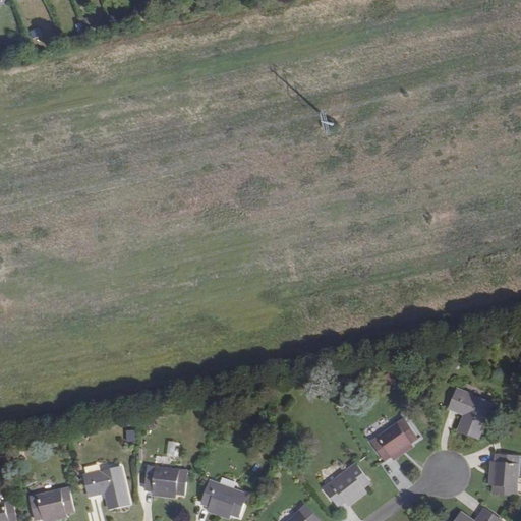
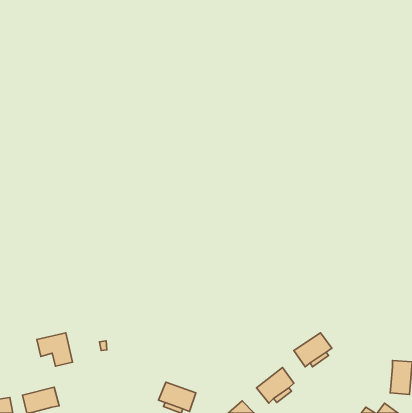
building: [448,389,490,438] -> none
building: [143,465,187,494] -> none
building: [83,466,128,508] -> [37,333,72,366]

